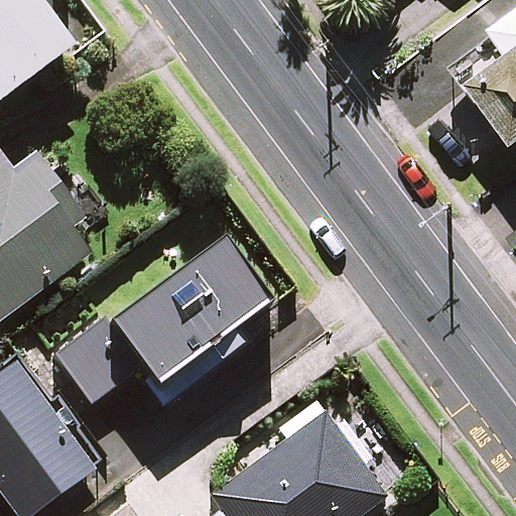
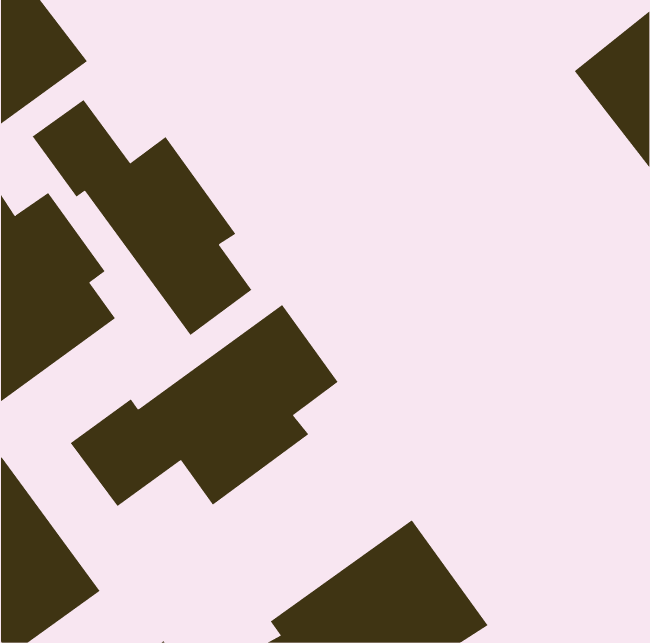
building: none -> [32,99,252,336]

